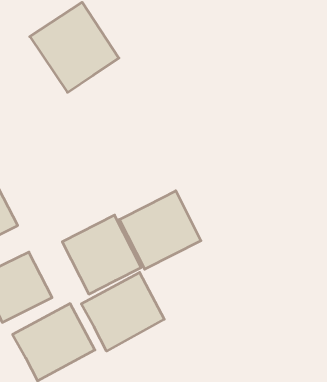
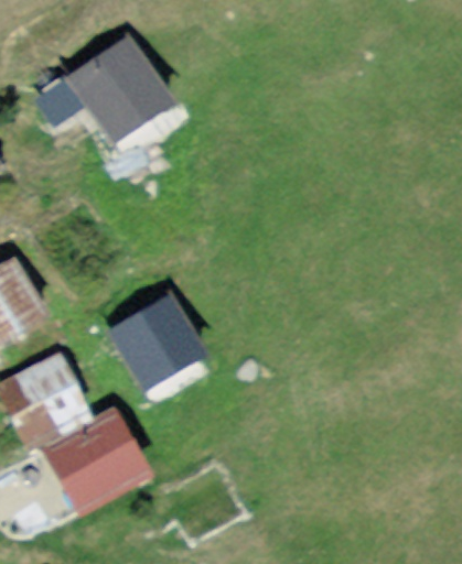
building: [119,191,201,269] -> none
building: [81,272,164,351] -> none

